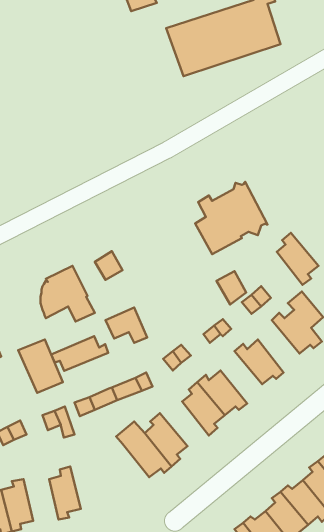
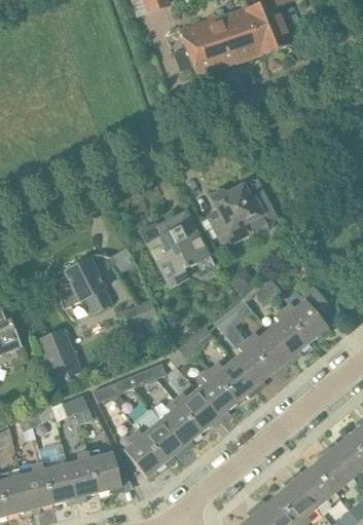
building: none -> [139,210,215,287]
building: [277,233,319,285] -> [268,310,308,361]
building: [51,336,108,371] -> none
building: none -> [232,340,273,390]
building: none -> [174,388,221,432]
building: none -> [122,429,164,481]
building: none -> [87,449,122,493]
building: none -> [42,460,76,505]

